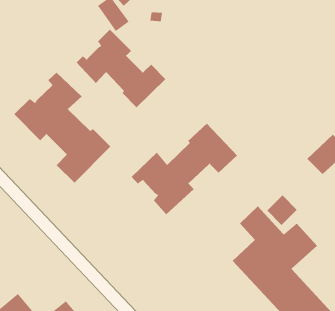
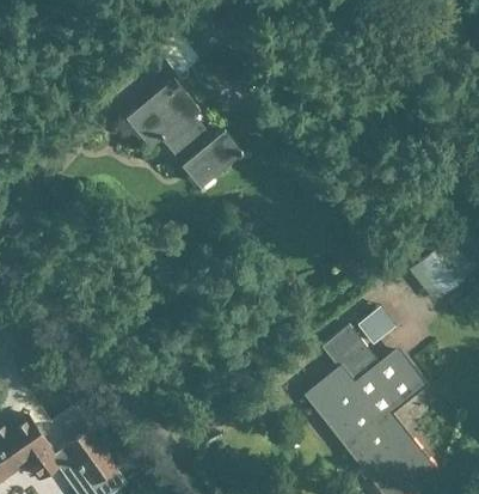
building: [13,72,111,184] -> none
building: [131,123,238,215] -> none

